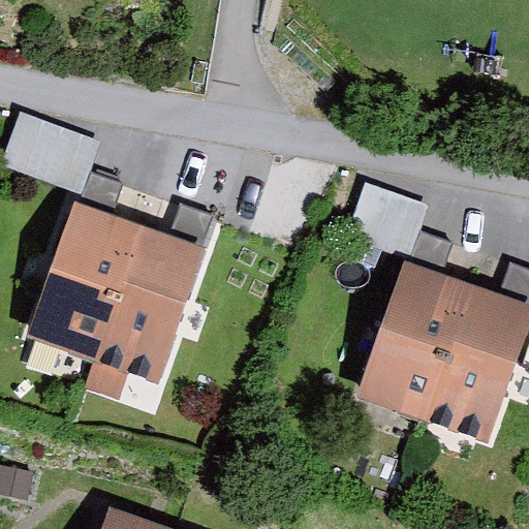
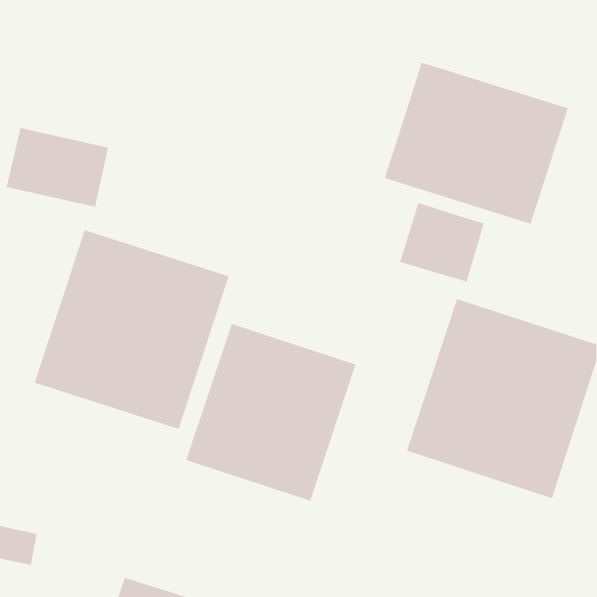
building: none -> [384,62,568,225]
building: none -> [186,323,356,501]

